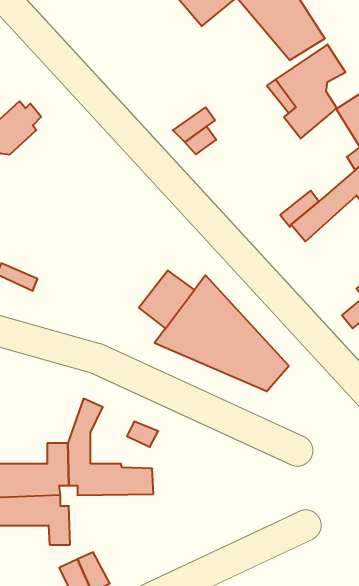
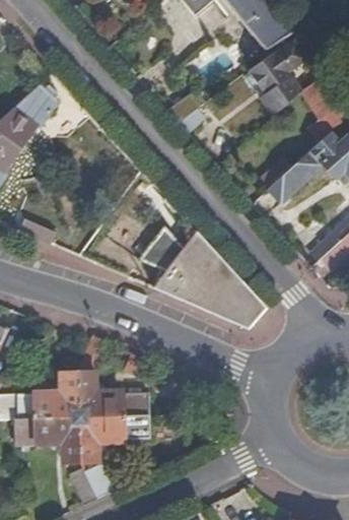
building: none -> [79,415,151,458]

